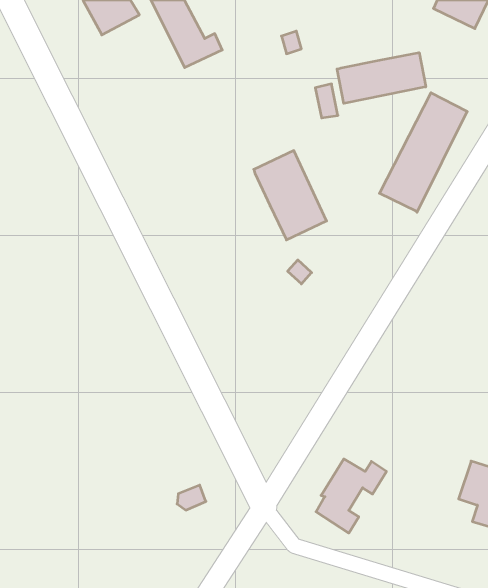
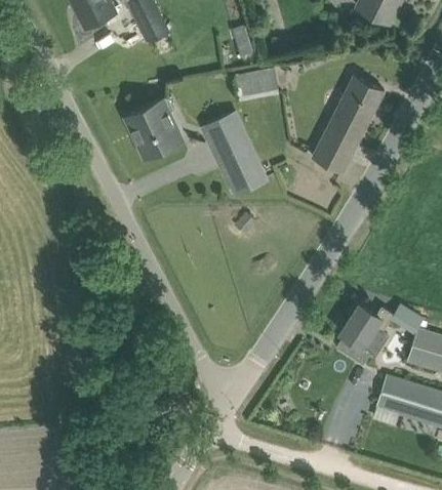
building: [337,53,426,103] -> none
building: none -> [125,97,182,158]
building: [316,459,386,533] -> [336,304,394,365]

